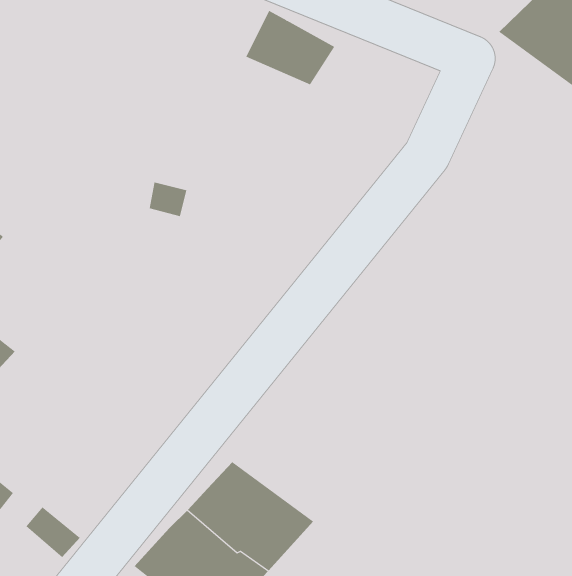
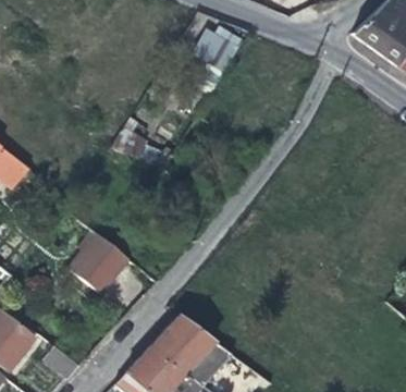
building: none -> [70,231,135,298]

